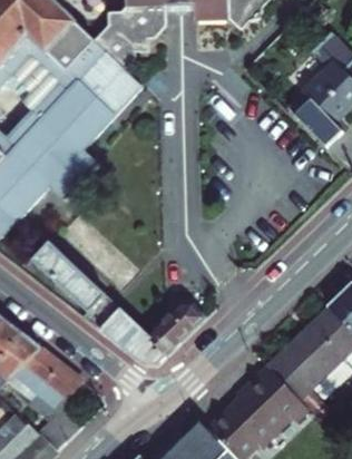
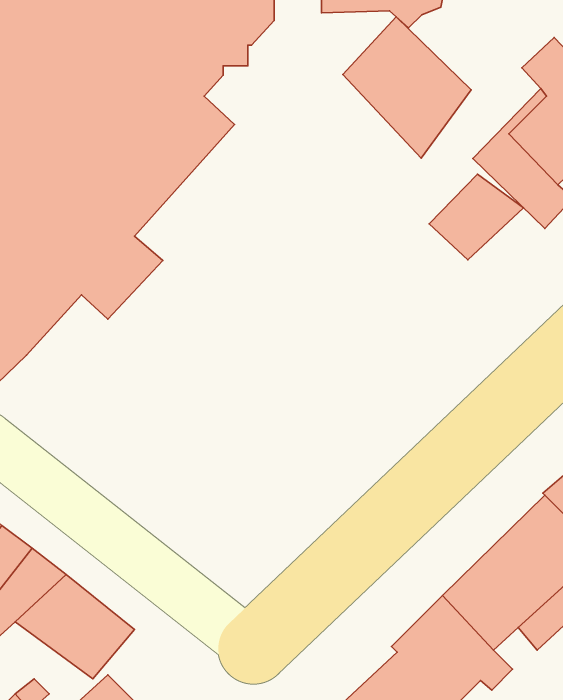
building: none -> [343,17,471,158]
building: none -> [429,174,524,260]
building: [32,244,206,365] -> none

